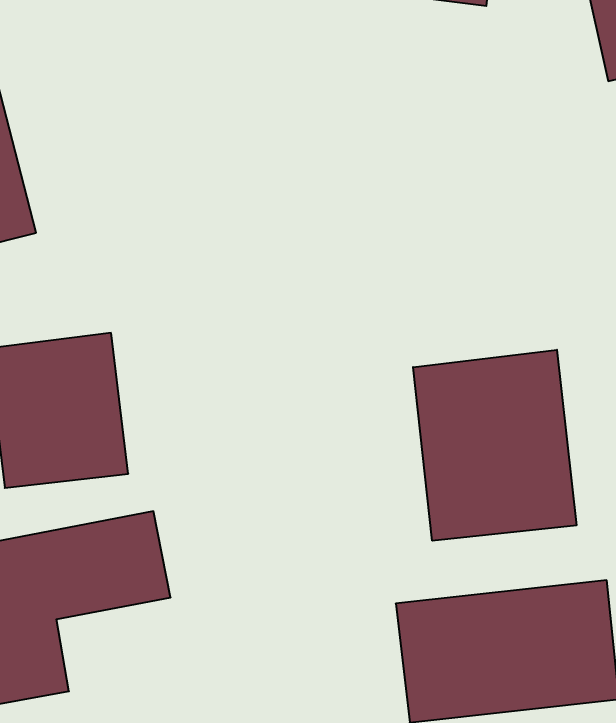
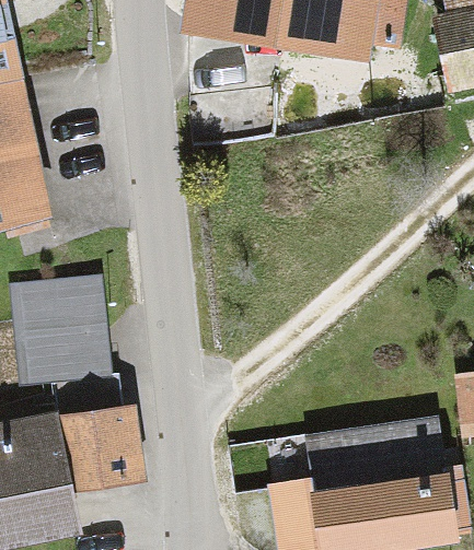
building: [413,350,576,541] -> none

